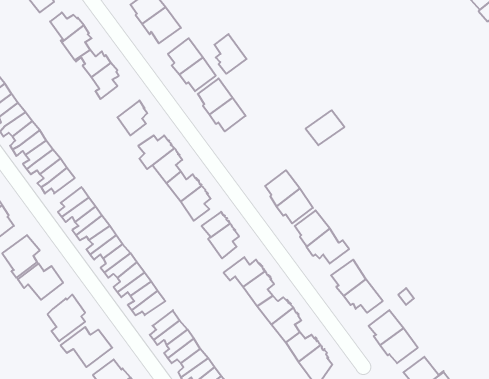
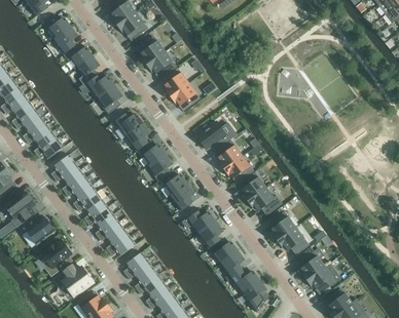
building: [214,34,247,74] -> none
building: none -> [80,74,115,98]
building: [306,110,344,145] -> [196,121,227,149]

